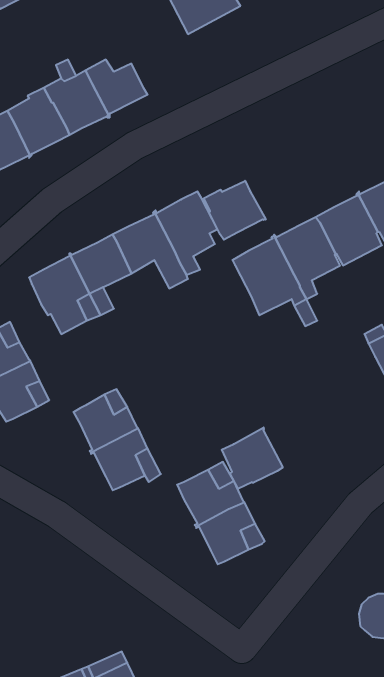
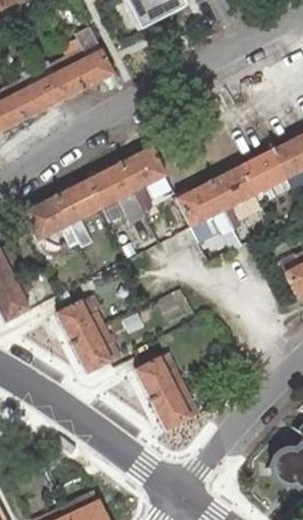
building: [204,181,266,240] -> none
building: [222,427,283,489] -> none

